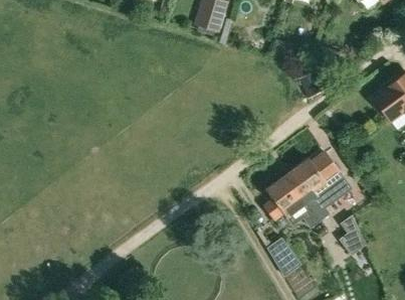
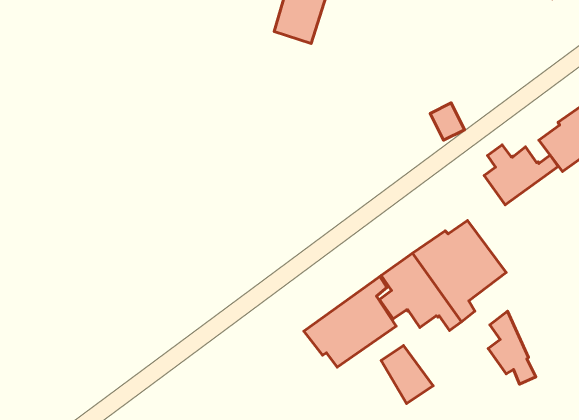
building: none -> [484,145,558,205]
building: none -> [304,277,396,367]

